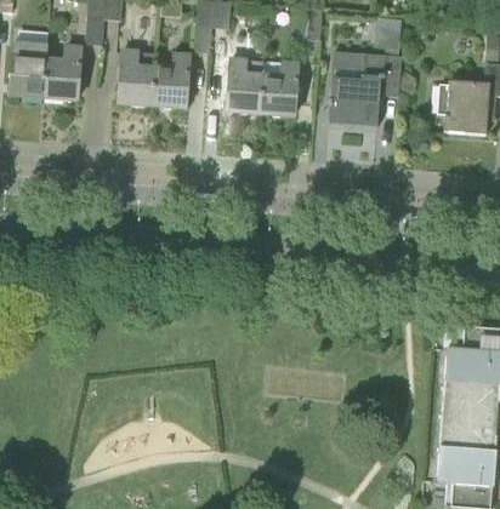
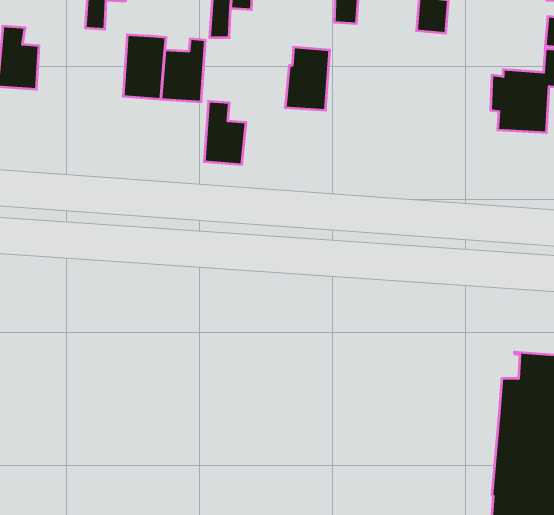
building: [44,45,83,98] -> none
building: [329,51,404,126] -> none
building: [227,57,263,111] -> [204,101,246,164]

